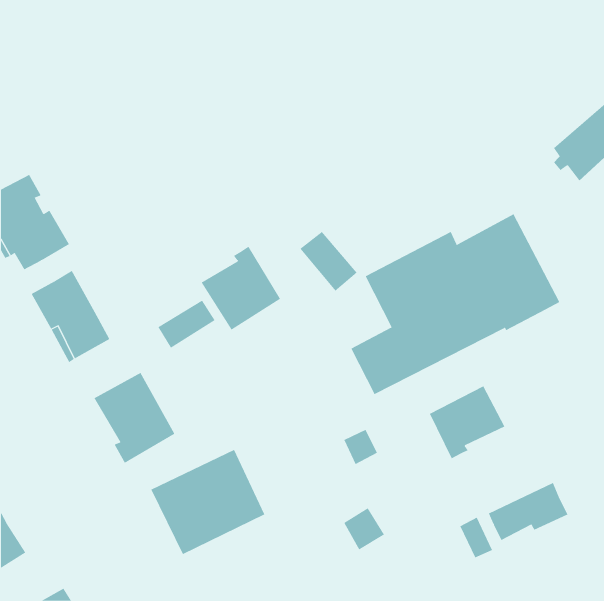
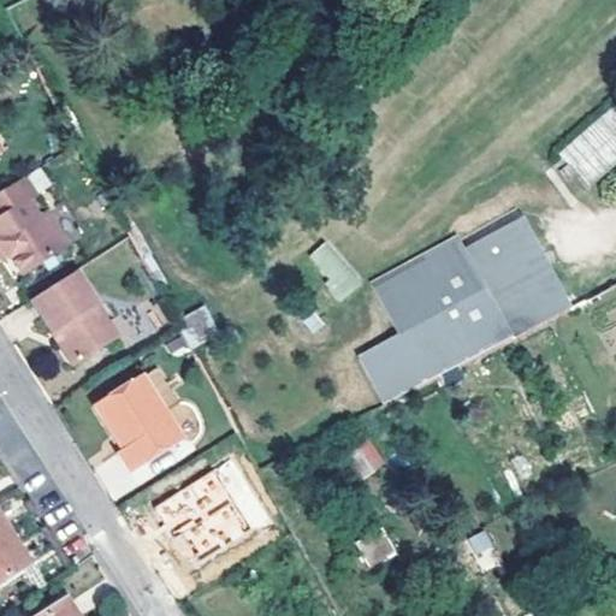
building: [201,246,281,330] -> none
building: [429,385,505,459] -> none
building: [488,482,568,541] -> none

